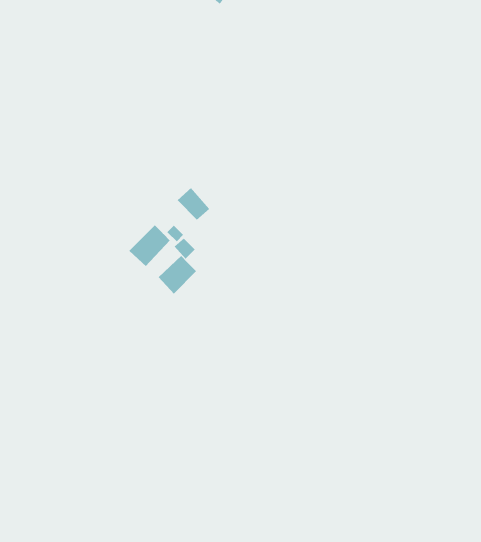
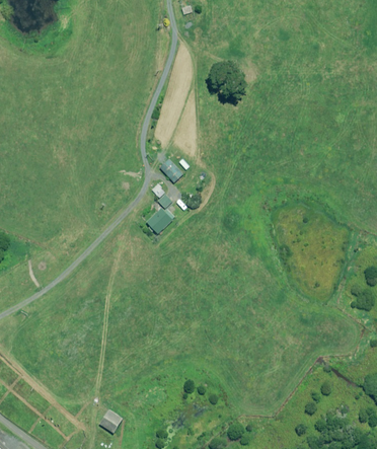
building: [128,225,171,267] -> none

